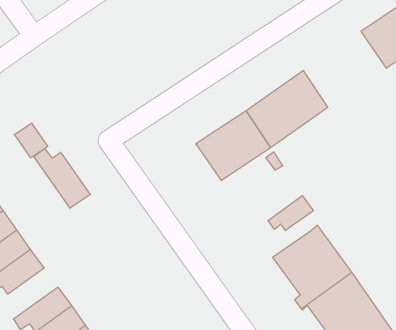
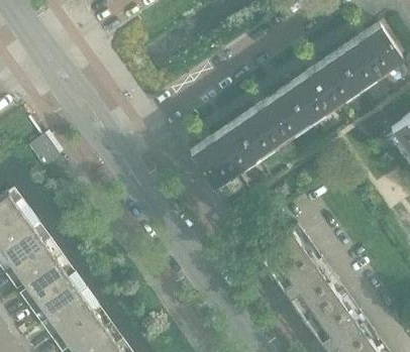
building: none -> [287,56,360,123]
building: [34,149,90,208] -> none
building: [268,195,313,231] -> none
building: none -> [24,264,71,310]

